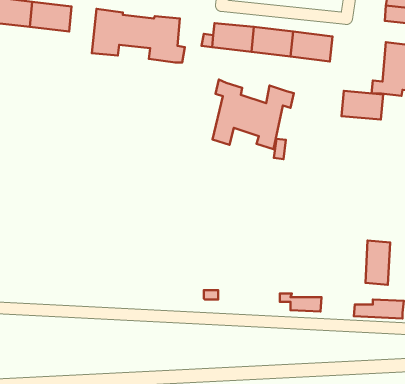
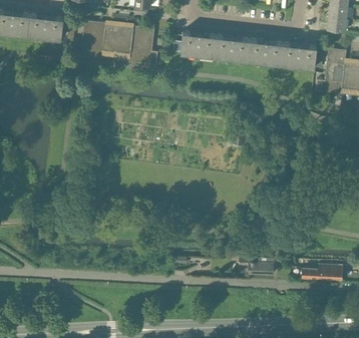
building: [213,79,294,149] -> none
building: [342,91,383,120] -> [281,44,316,68]
building: [366,241,390,285] -> none

